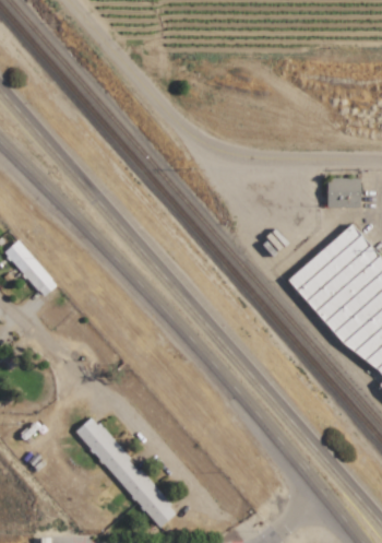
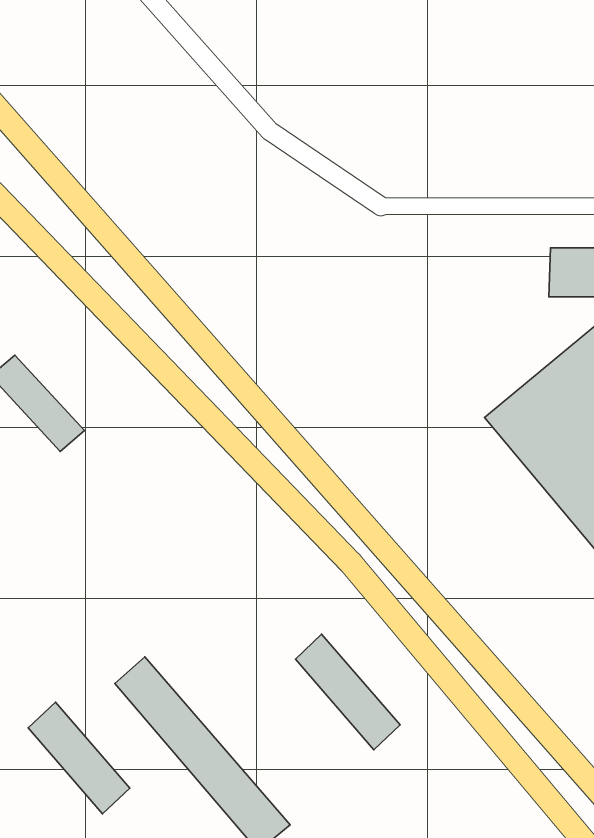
building: none -> [295,634,400,750]
building: none -> [28,702,130,814]

